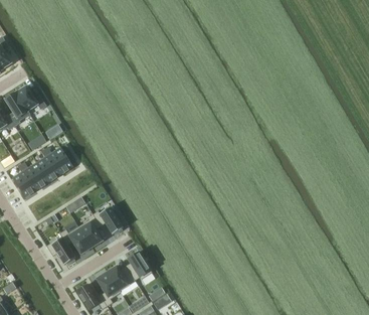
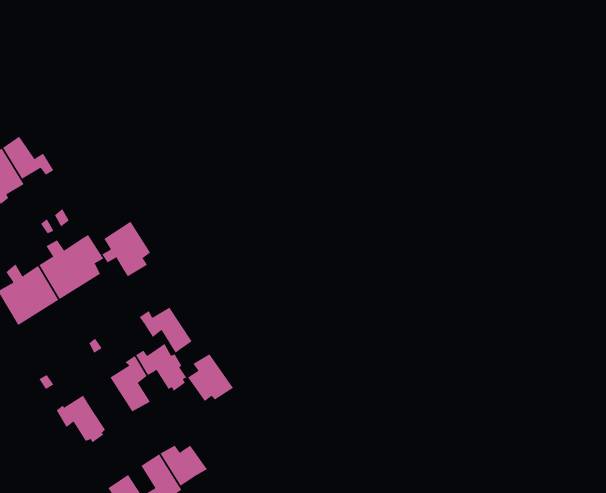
building: none -> [101,221,151,277]
building: [59,227,90,255] -> [139,307,192,353]
building: [125,253,152,281] -> [187,353,234,402]

